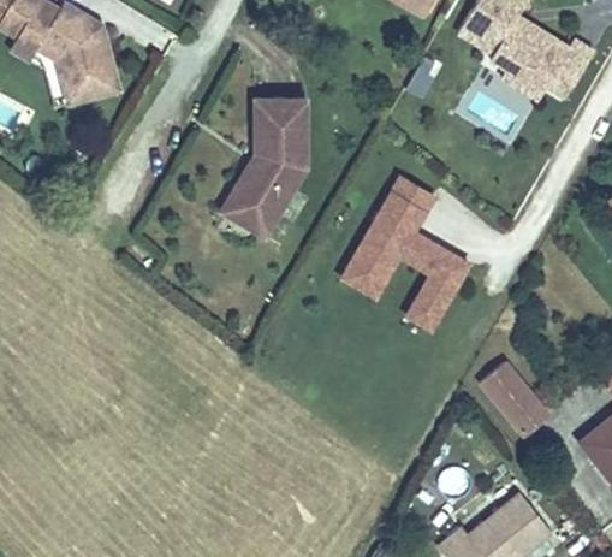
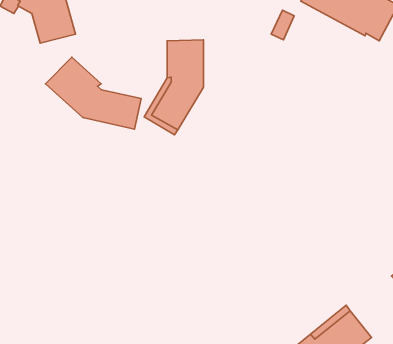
building: none -> [46,57,141,129]
building: [339,170,471,331] -> none
building: [482,363,548,434] -> none

